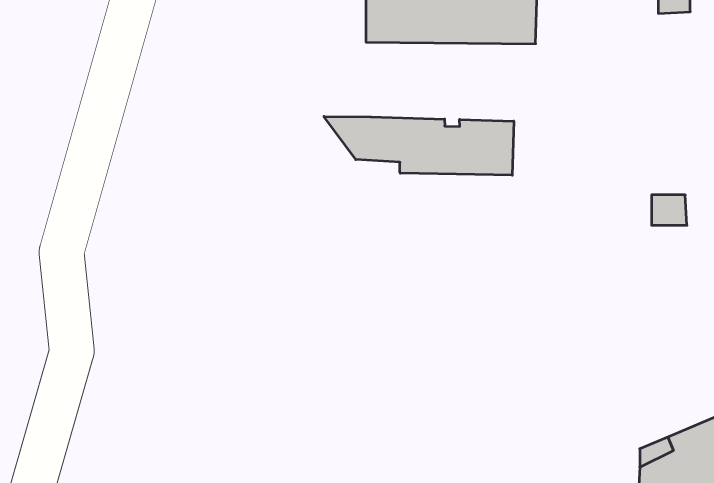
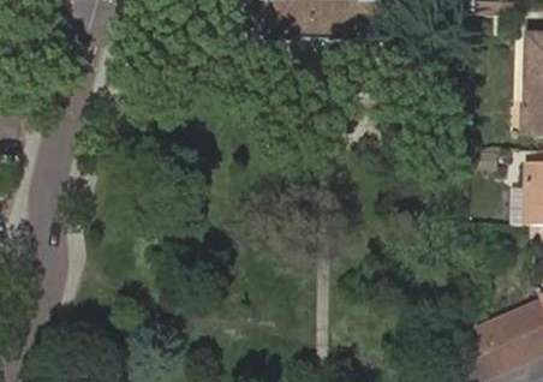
building: [324,116,514,175] -> none

